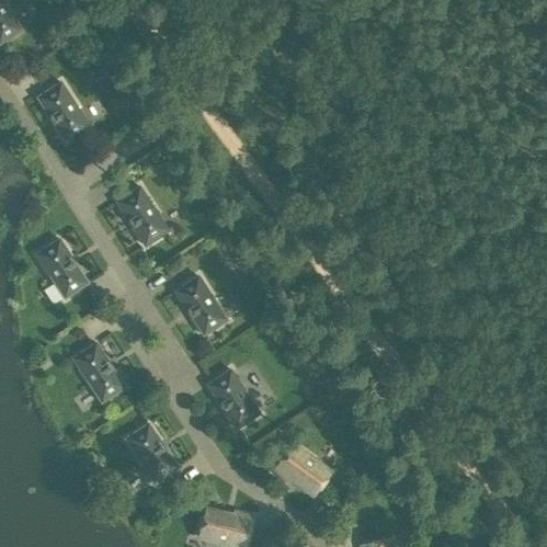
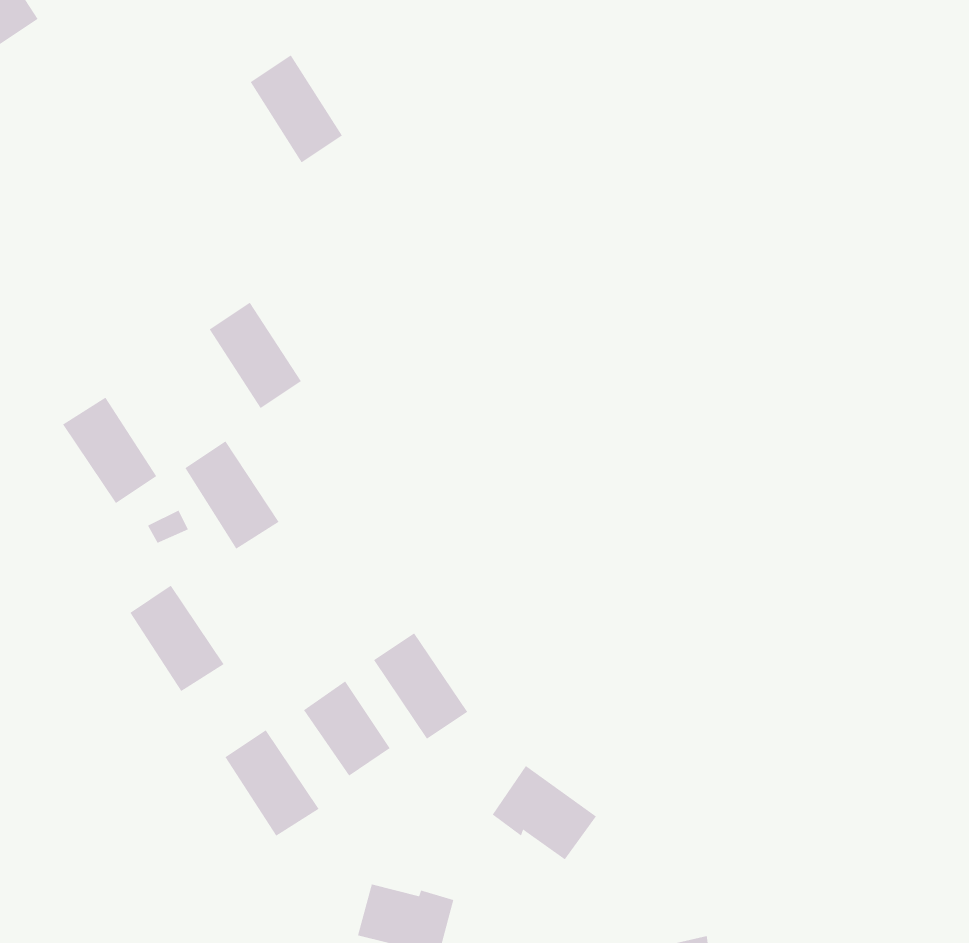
building: [37,82,89,143] -> [250,54,343,163]
building: [174,275,227,335] -> [184,441,279,549]
building: none -> [303,680,391,776]

